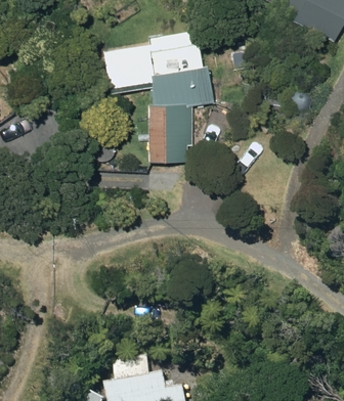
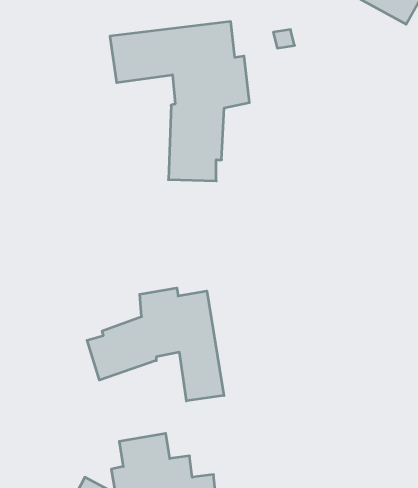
building: none -> [87,288,224,401]

